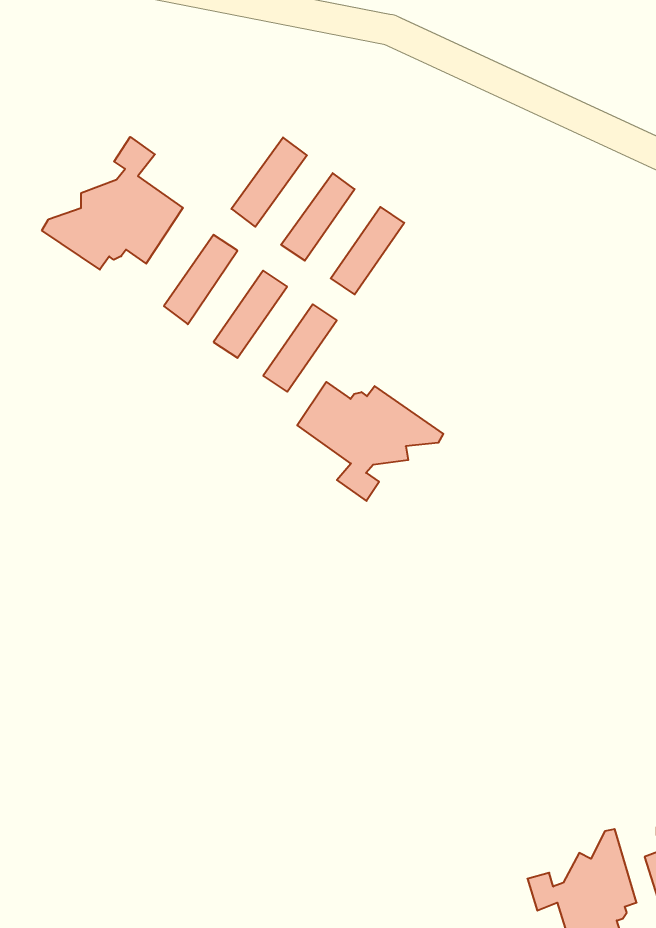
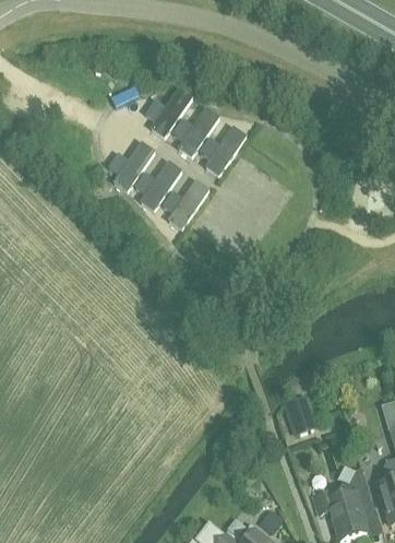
building: [42,137,183,270] -> none
building: [297,382,443,501] -> none

